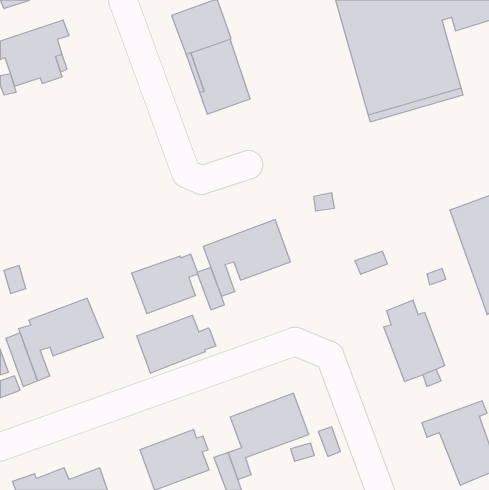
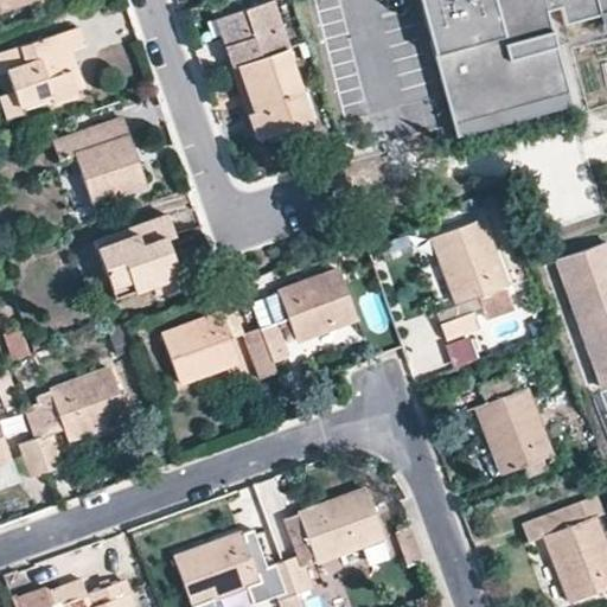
building: none -> [52,117,146,204]
building: none -> [94,215,183,294]
building: none -> [432,218,513,318]
building: [137,315,216,373] -> none

